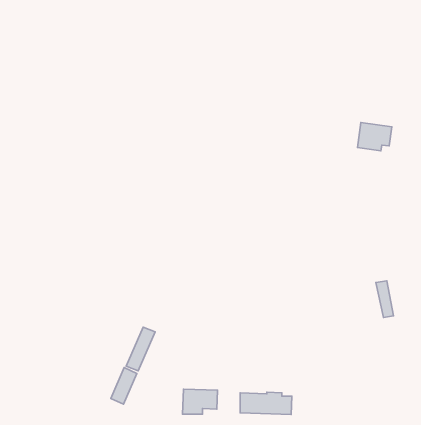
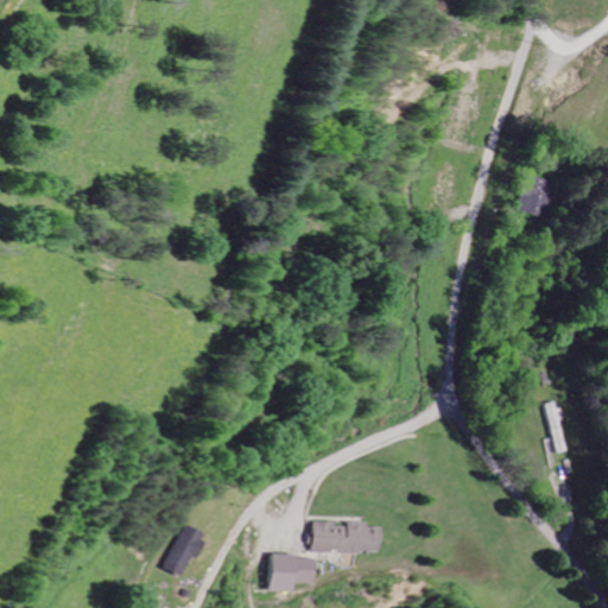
building: [126,327,155,371] -> none
building: [240,392,292,415] -> [311,520,385,552]

